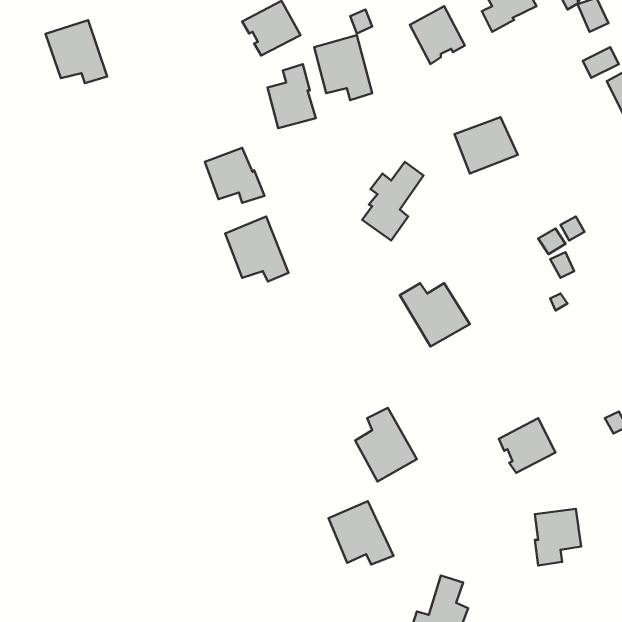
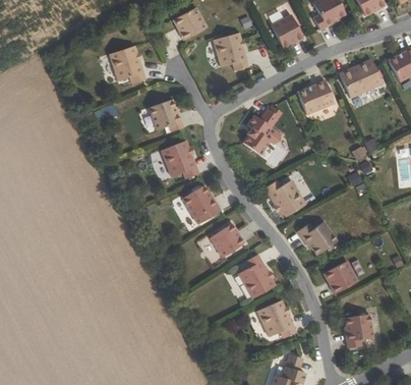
building: [45,20,107,83] -> [107,49,143,87]
building: [267,64,316,128] -> none
building: none -> [339,59,383,98]
building: none -> [183,184,221,217]
building: none -> [297,220,337,254]
building: none -> [210,223,245,257]
building: [328,501,393,564] -> [257,299,296,337]

